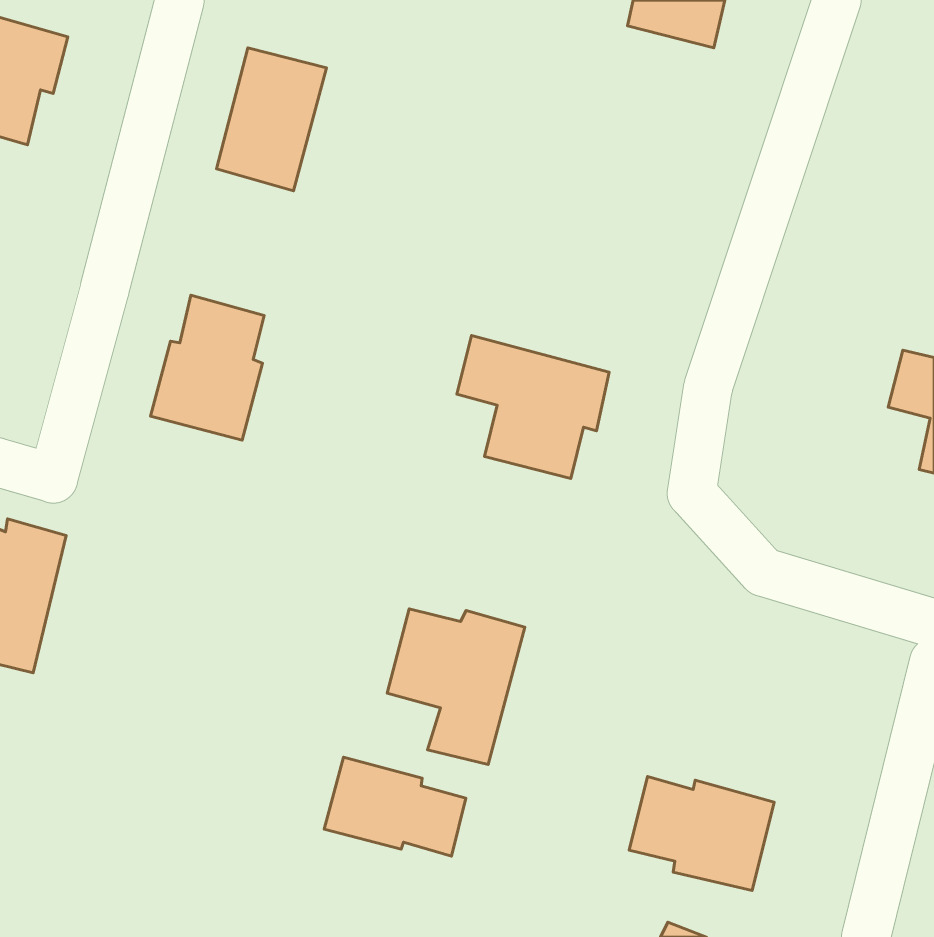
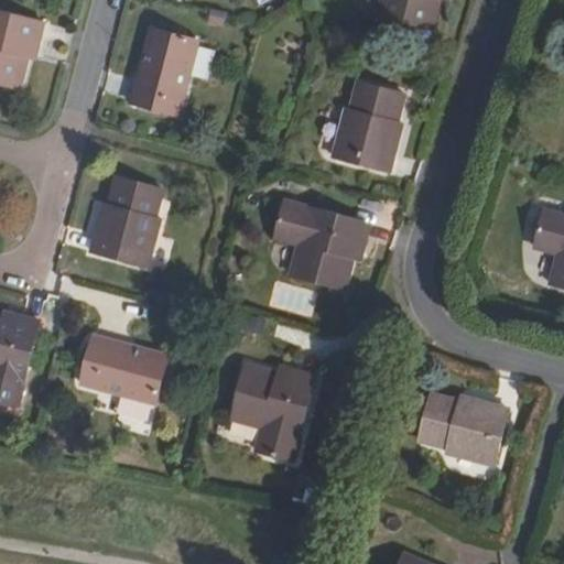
building: none -> [332,83,402,171]
building: none -> [80,336,165,401]
building: [324,757,466,856] -> none
building: [629,777,774,890] -> [417,394,505,463]

